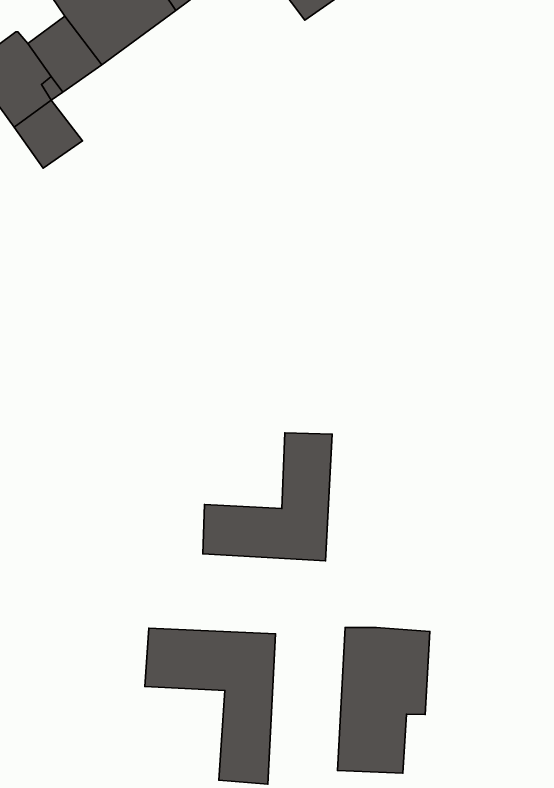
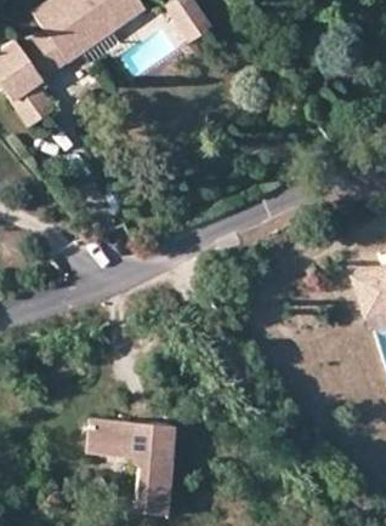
building: [203,433,332,561] -> none
building: [338,627,430,773] -> none

